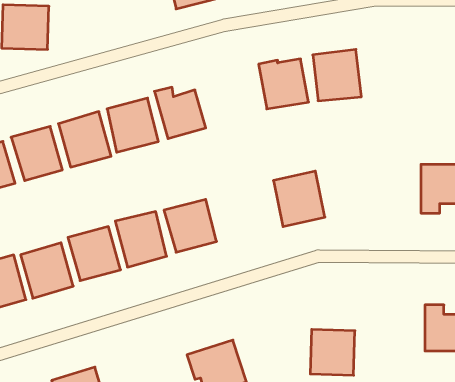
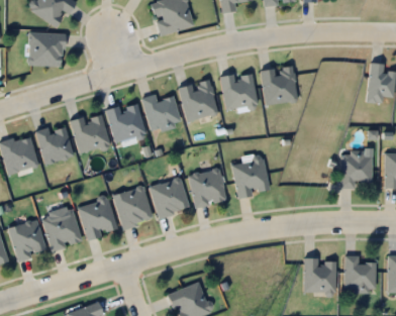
building: none -> [179,79,217,121]
building: none -> [189,169,225,207]
building: [310,329,355,375] -> [303,258,336,293]

